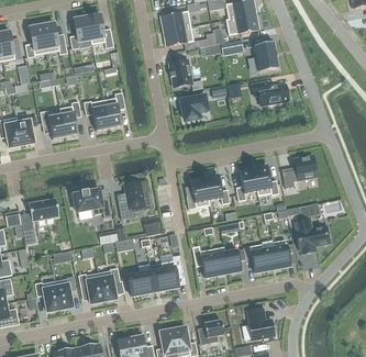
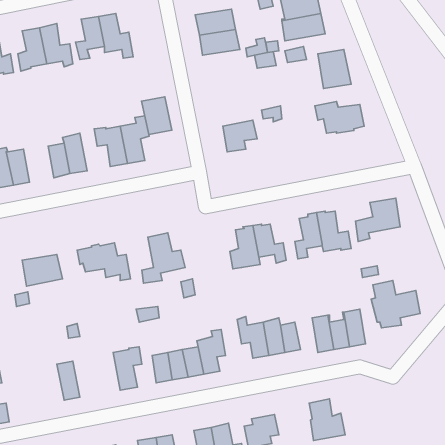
building: [168,58,191,87] -> [142,97,172,134]
building: [77,271,102,302] -> none
building: [34,280,59,311] -> none

